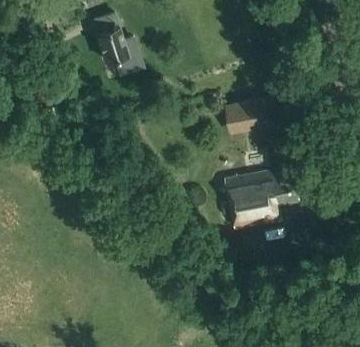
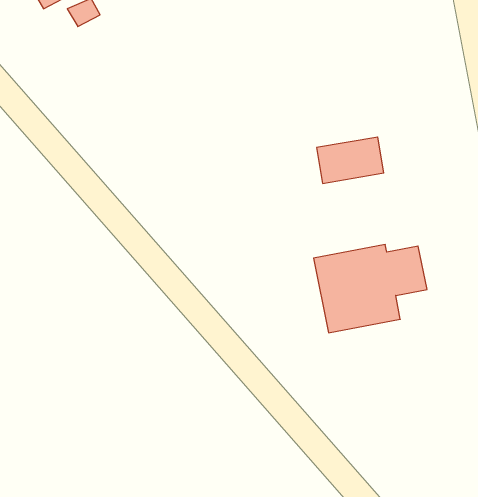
building: [91,15,140,73] -> none

